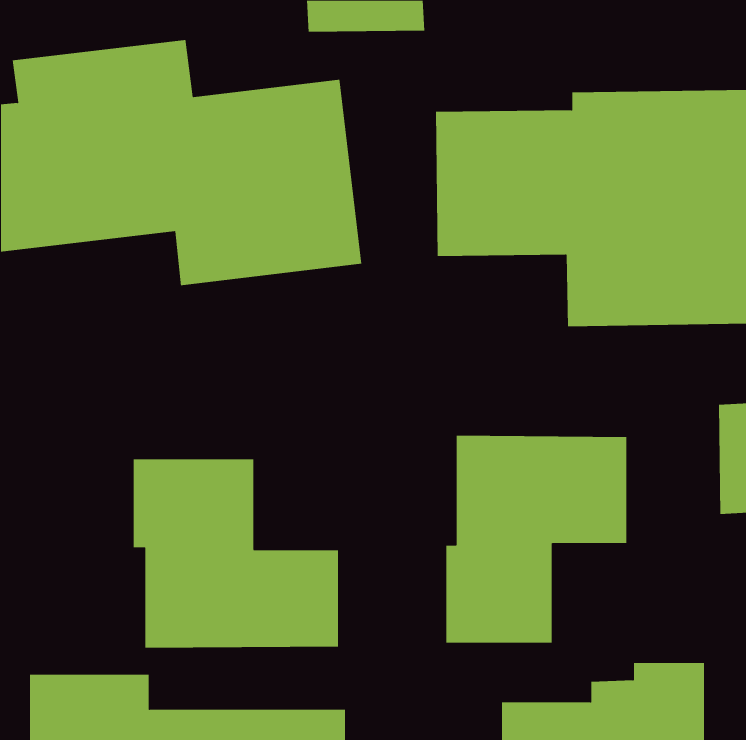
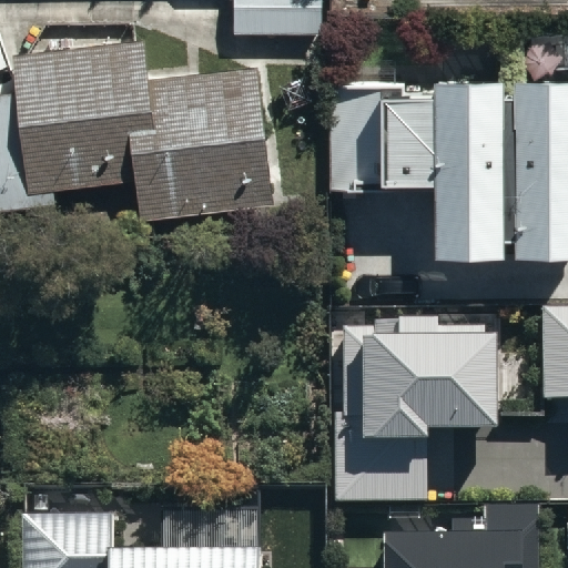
building: [133,459,338,648] -> none

